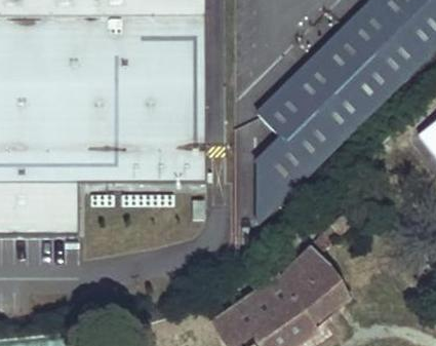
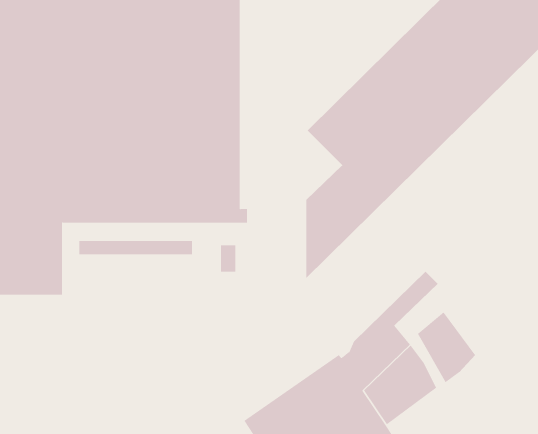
building: none -> [417,312,476,383]

